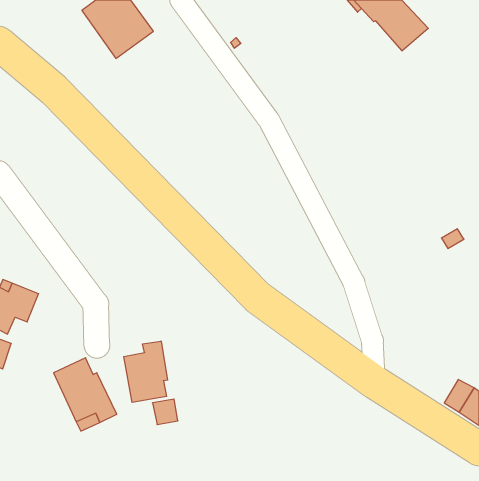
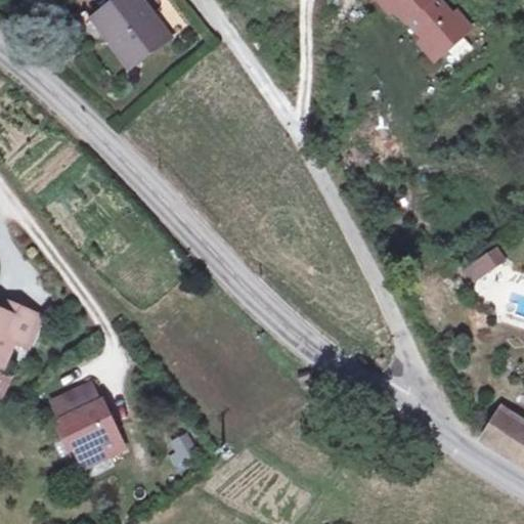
building: [124,341,168,402] -> none

